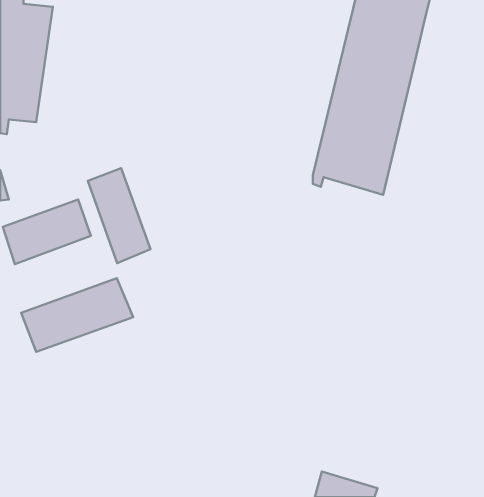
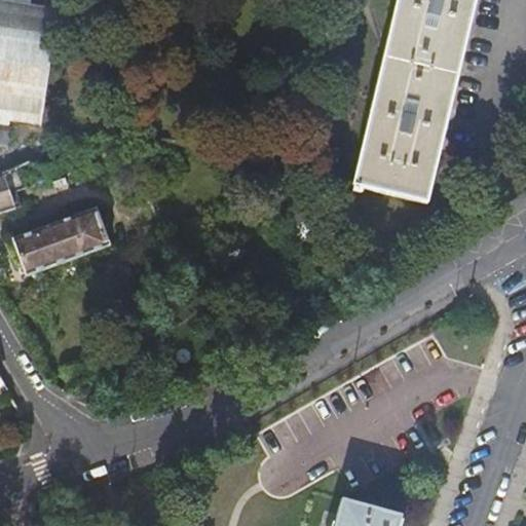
building: [88,168,151,263] -> none
building: [21,278,133,352] -> none

